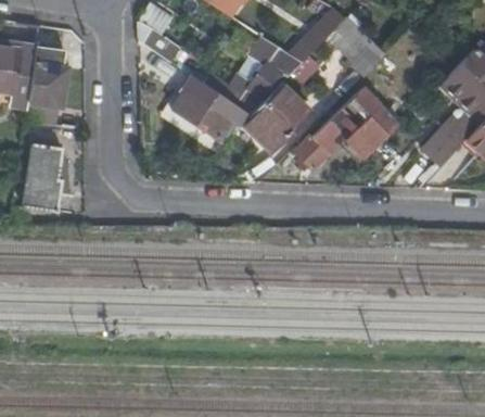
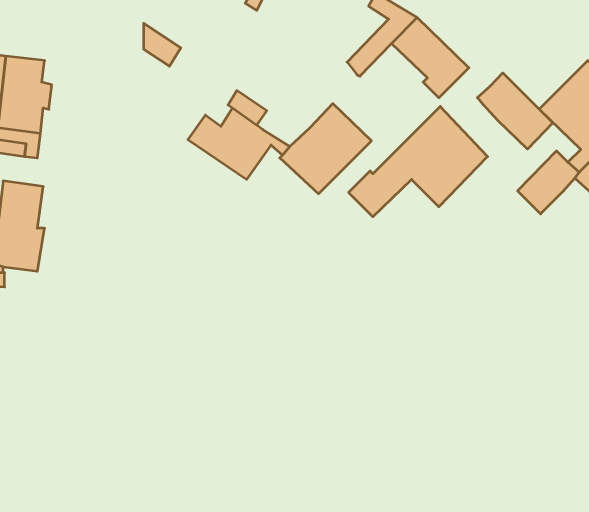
building: [228,47,302,115] -> none
building: none -> [477,73,553,149]

